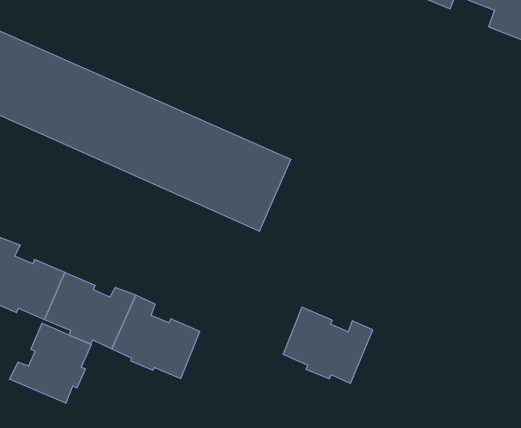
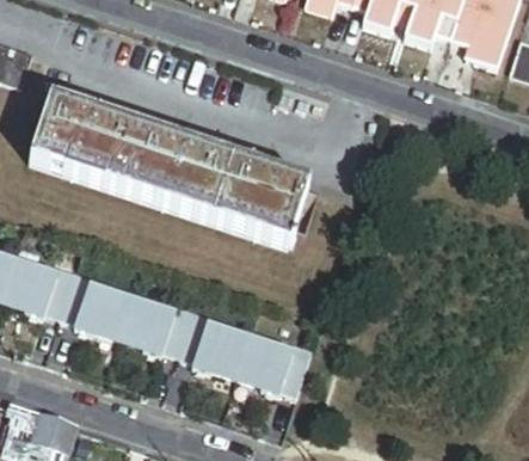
building: [283,307,373,384] -> [236,337,309,397]
building: [9,323,91,403] -> none

